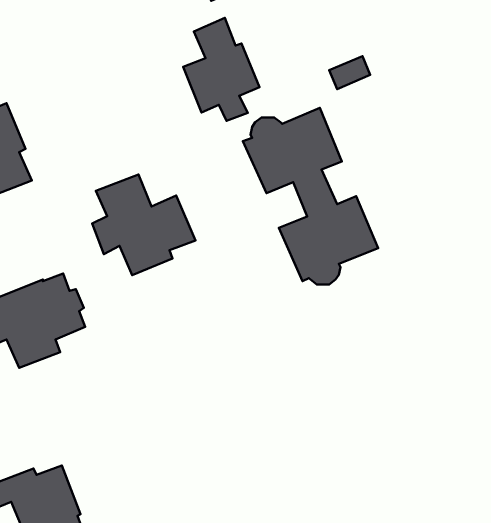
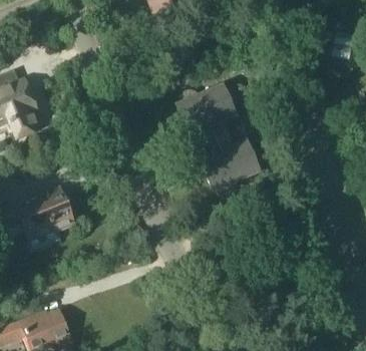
building: [183,18,260,121] -> none
building: [92,174,195,275] -> none

